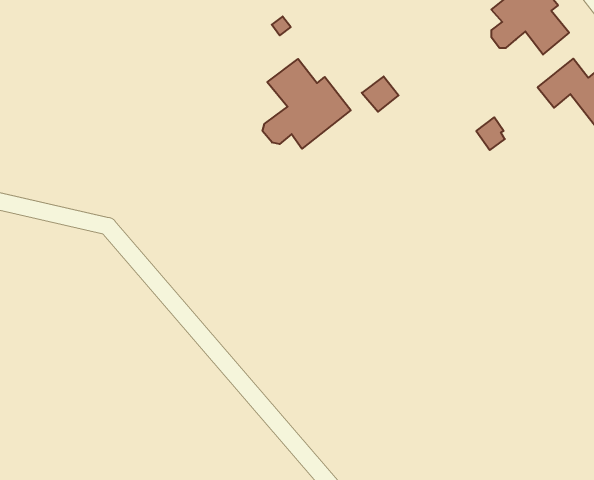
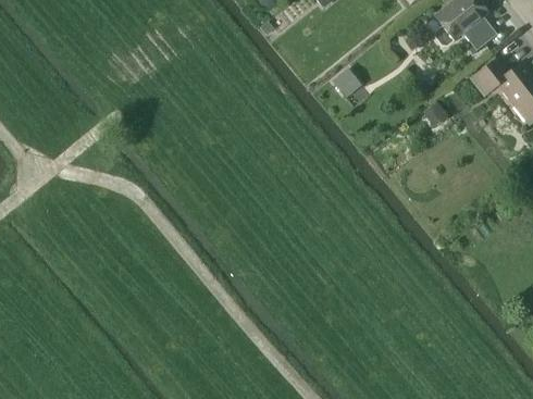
building: [263,59,351,149] -> none

